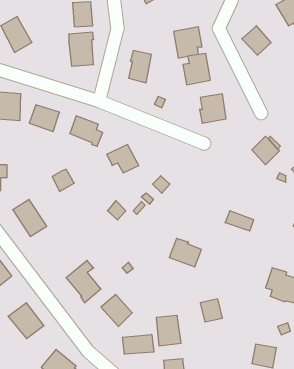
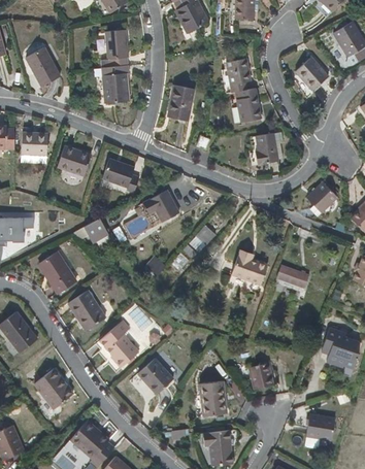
building: none -> [67,290,105,330]
building: [169,238,201,267] -> [231,252,267,283]
building: [122,334,154,354] -> none

